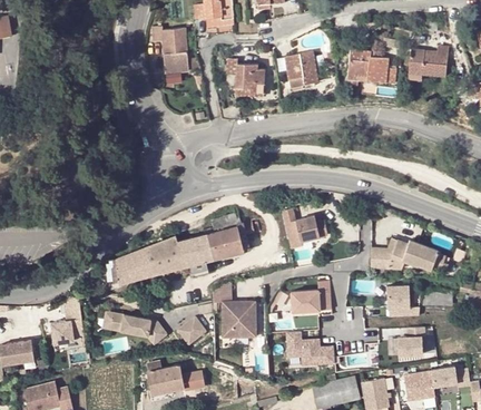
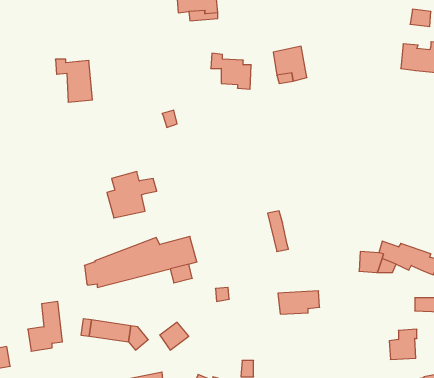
building: [151,28,187,69] -> [55,59,92,102]
building: [347,51,396,85] -> none
building: [206,215,254,260] -> [107,172,157,218]
building: [295,217,327,243] -> none
building: [385,284,418,315] -> none
building: [222,303,255,338] -> none
building: [287,330,335,363] -> none

